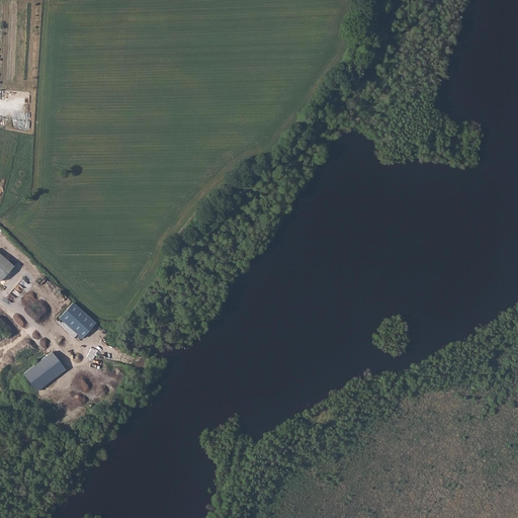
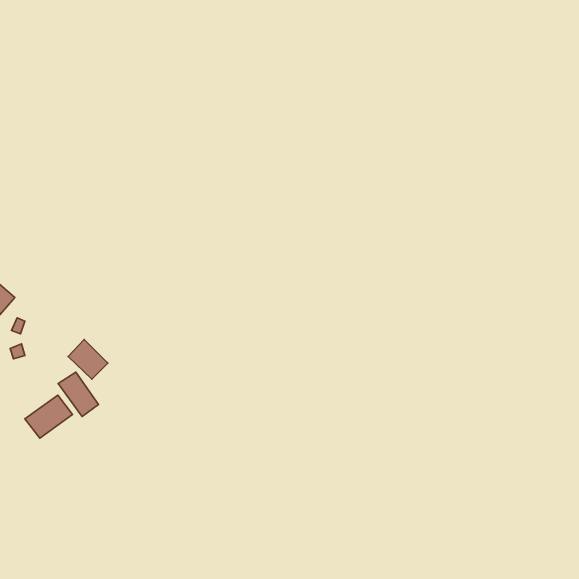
building: none -> [58,372,99,416]

